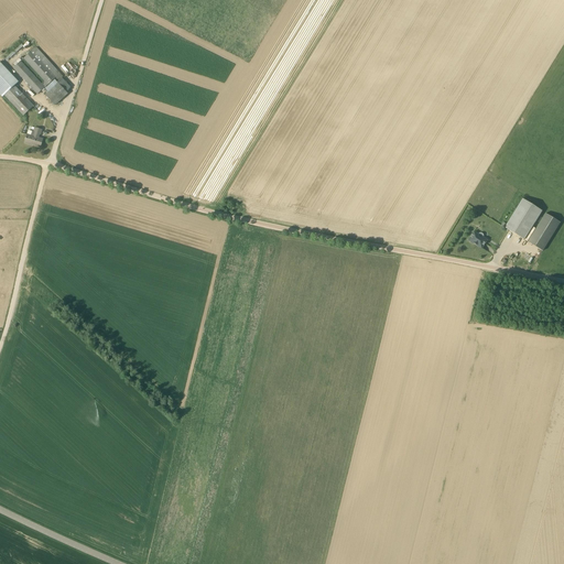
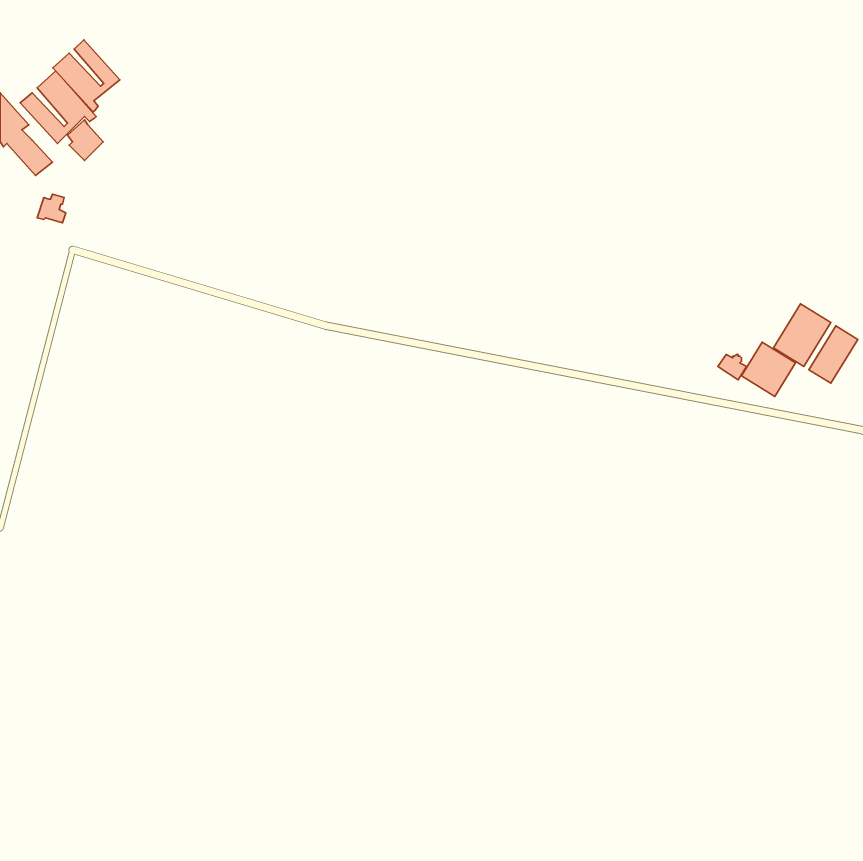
building: none -> [53,40,120,112]
building: none -> [741,342,796,396]

